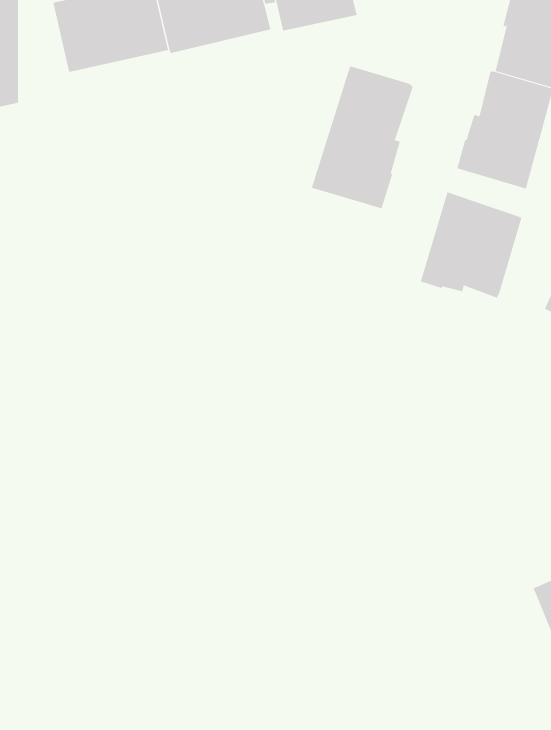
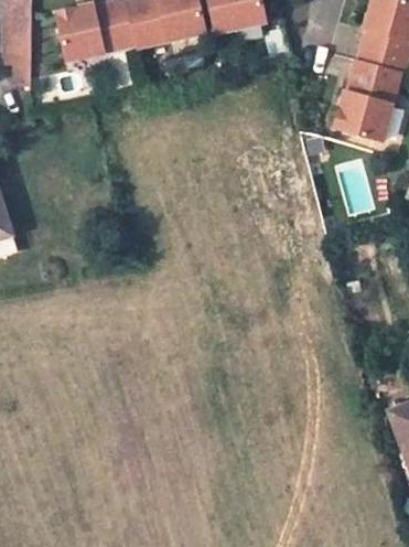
building: [311,66,413,209] -> none
building: [420,192,522,298] -> none

